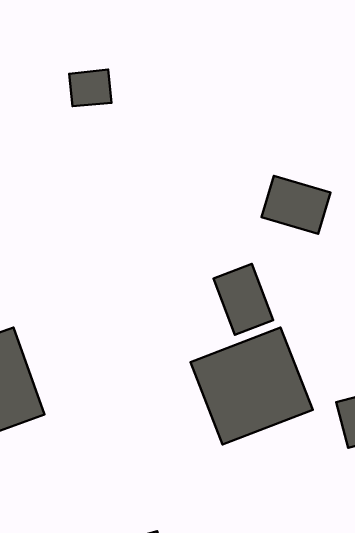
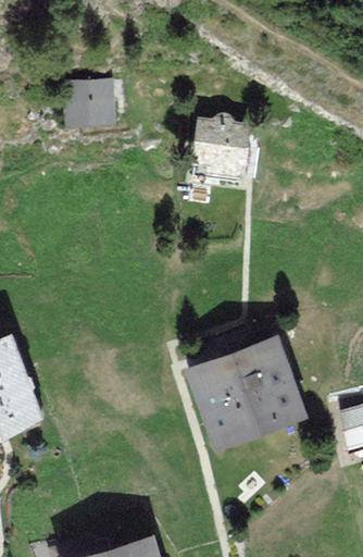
building: [261,176,330,234] -> [189,119,256,175]
building: [213,264,273,335] -> none

